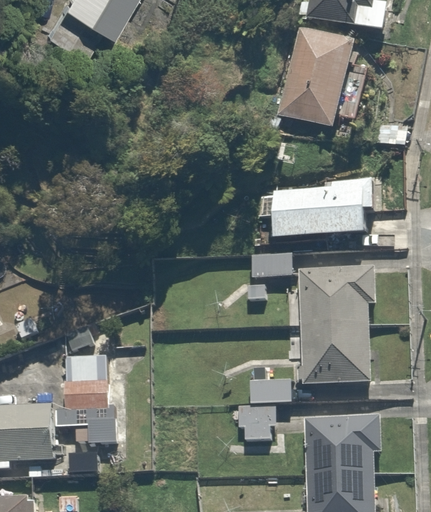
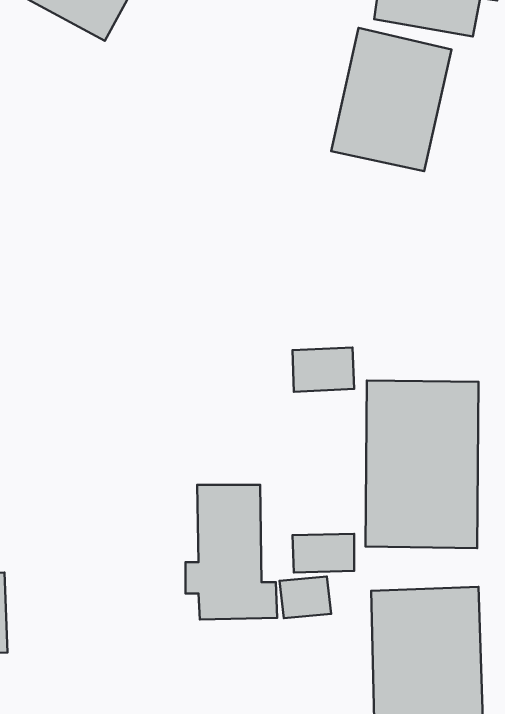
building: [269,180,376,241] -> none
building: [55,351,119,445] -> [186,485,277,619]

